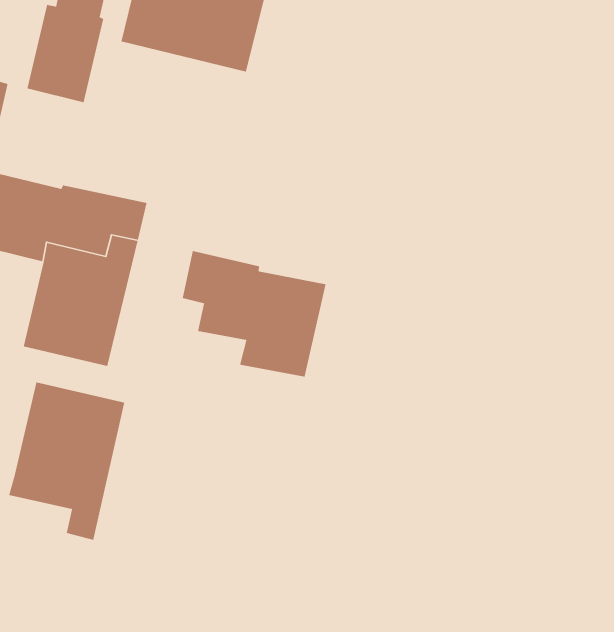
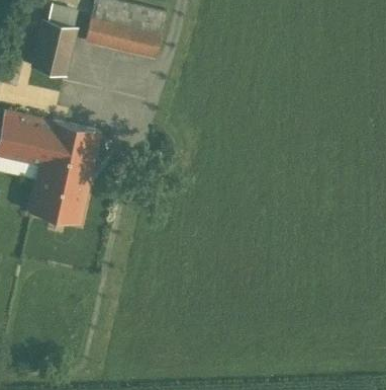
building: [182,250,327,377] -> none
building: [8,381,125,541] -> none

